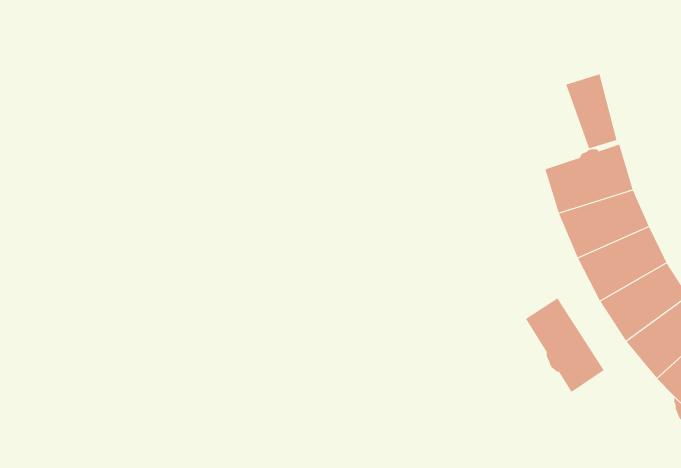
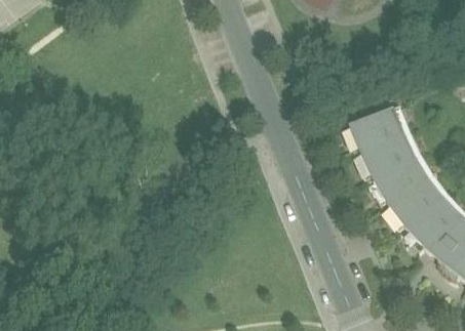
building: [565,73,617,149] -> none
building: [525,298,605,393] -> none

